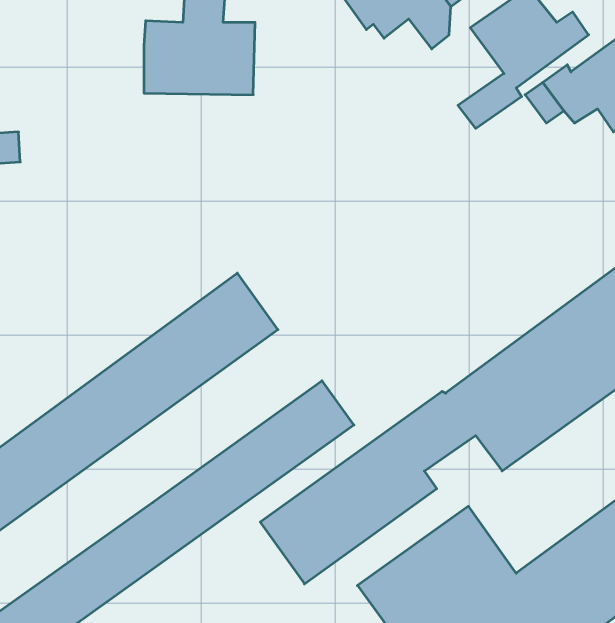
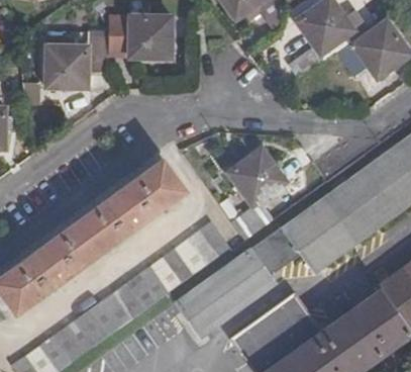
building: none -> [47,32,109,88]
building: none -> [227,148,286,239]

